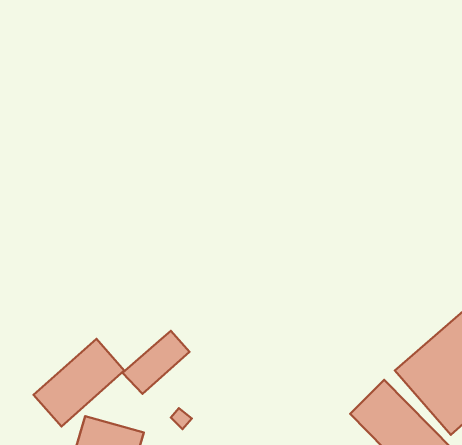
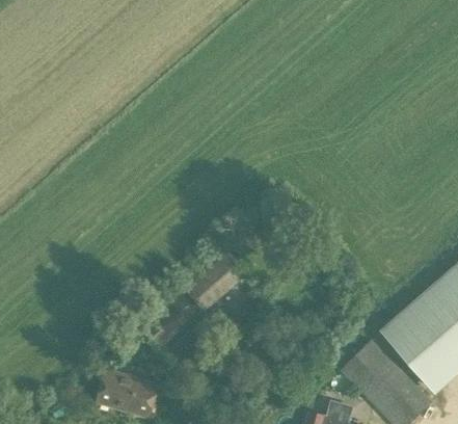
building: none -> [186,251,249,312]
building: [34,339,124,426] -> none

